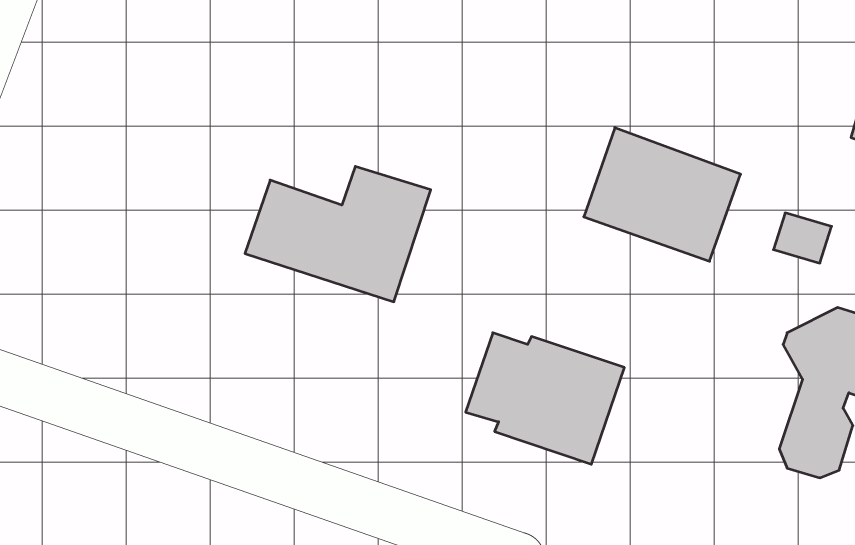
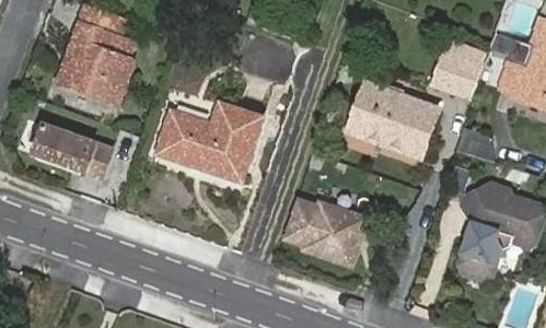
building: none -> [57,23,132,103]
building: none -> [433,49,484,97]
building: none -> [32,122,112,177]

